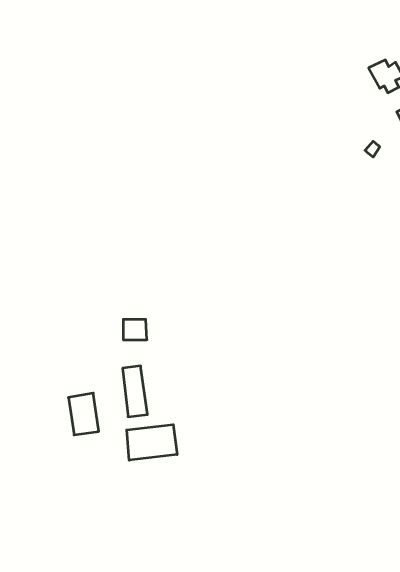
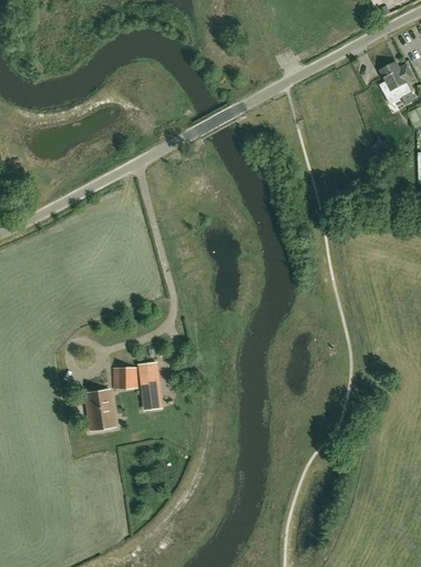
building: [123,319,147,340] -> [114,367,137,386]
building: [127,425,177,460] -> none

